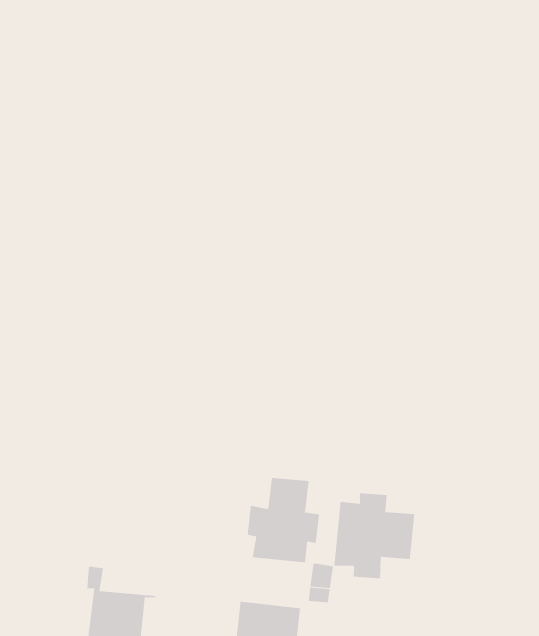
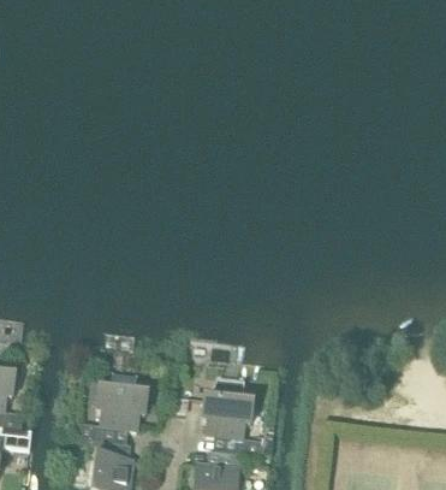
building: none -> [79,370,147,437]
building: [334,493,415,579] -> none

